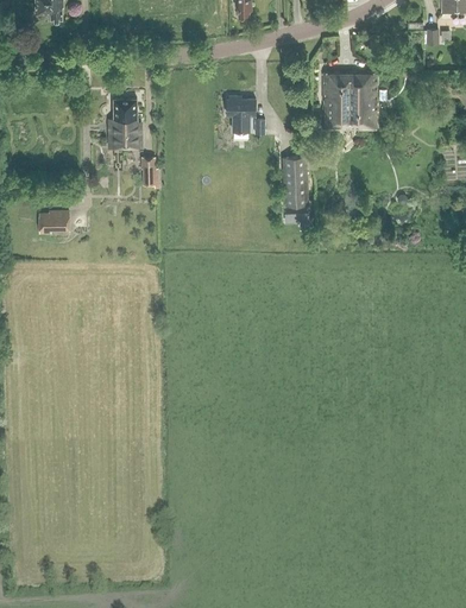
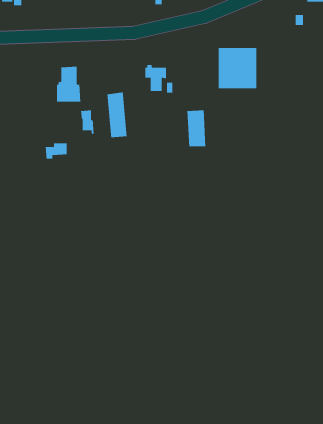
building: none -> [107,91,128,138]
building: [39,211,69,234] -> [45,142,67,159]

